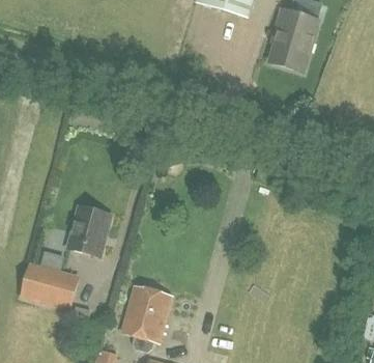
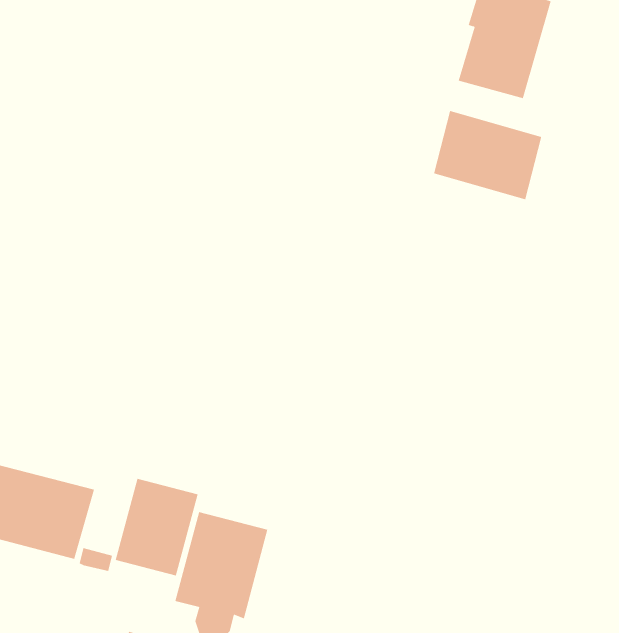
building: none -> [433,110,542,200]
building: [67,204,111,255] -> [115,478,199,576]

